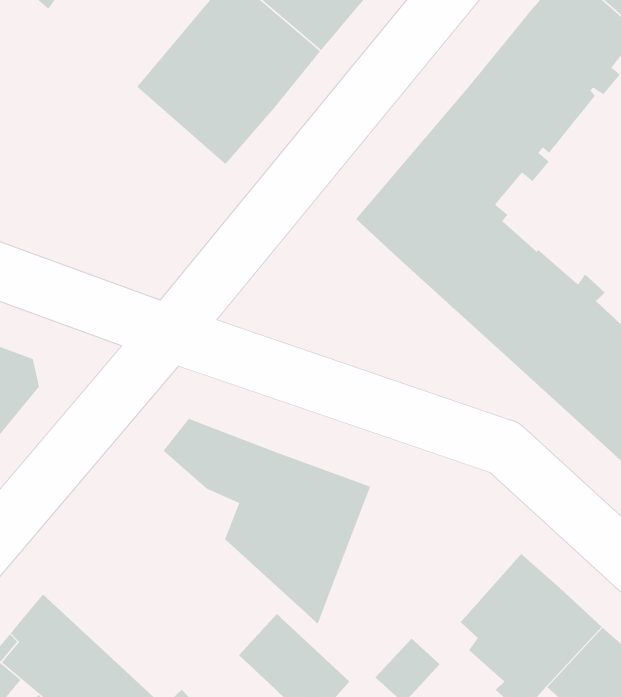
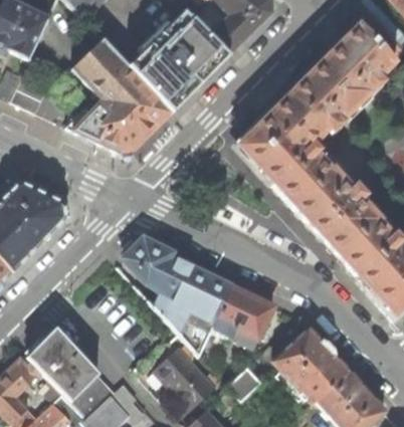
building: none -> [66,38,172,152]
building: none -> [214,285,273,349]

